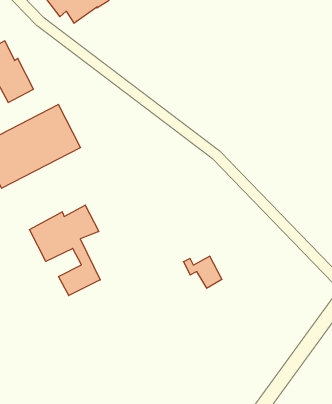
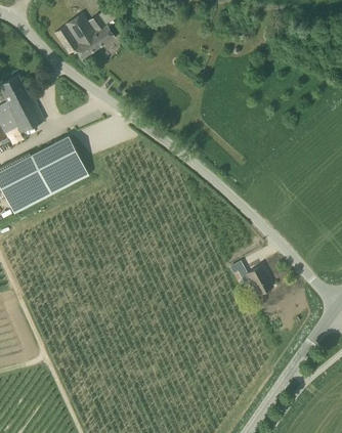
building: [29,205,100,296] -> none
building: [183,256,222,288] -> [237,266,272,296]

